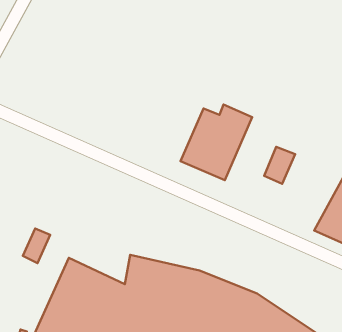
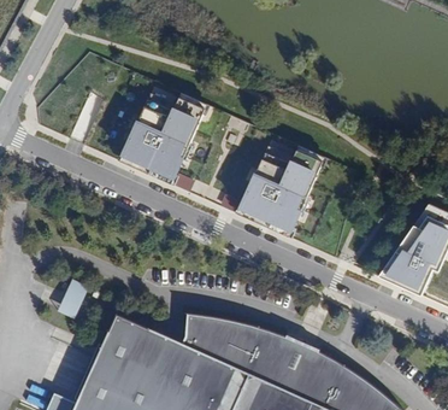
building: none -> [119,84,205,174]
building: [264,147,295,184] -> none

